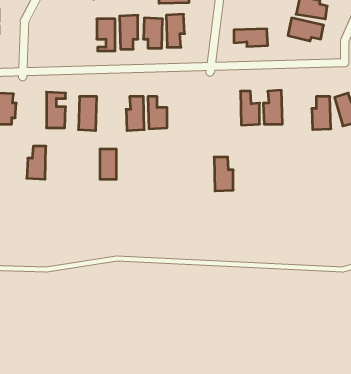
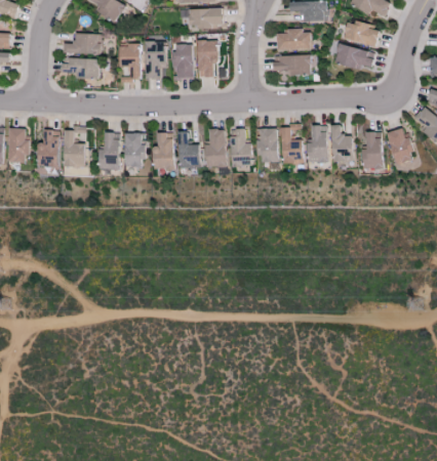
building: none -> [277,30,312,50]
building: none -> [64,33,102,54]
building: none -> [62,58,100,79]
building: none -> [331,125,353,163]
building: none -> [259,128,278,163]
building: none -> [204,129,226,168]
building: [27,146,46,179] -> [37,130,58,167]
building: [100,149,116,179] -> [125,133,144,167]
building: [214,157,233,191] -> [230,129,251,167]

